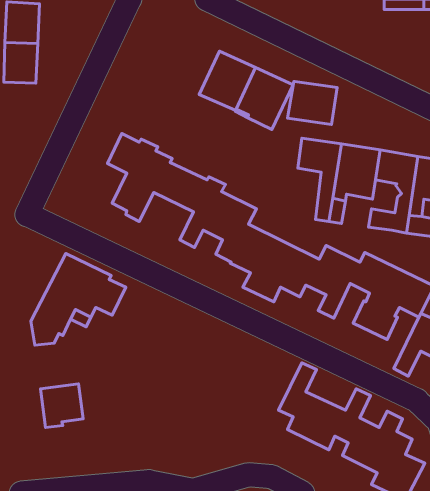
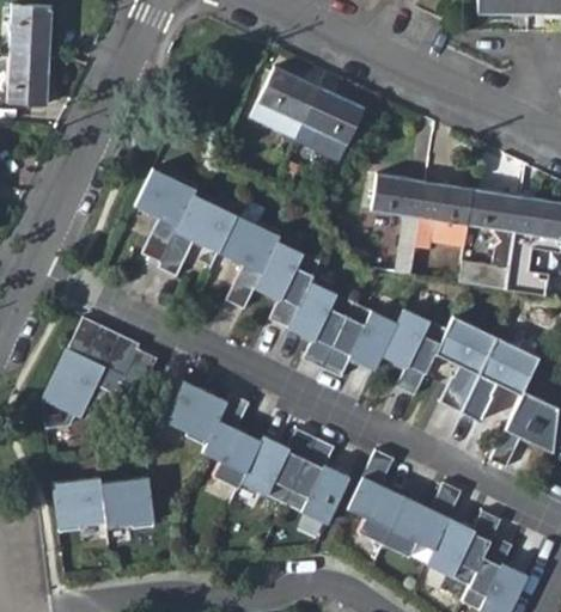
building: [287,81,337,124] -> none
building: none -> [164,381,349,524]
building: none -> [100,477,153,528]

